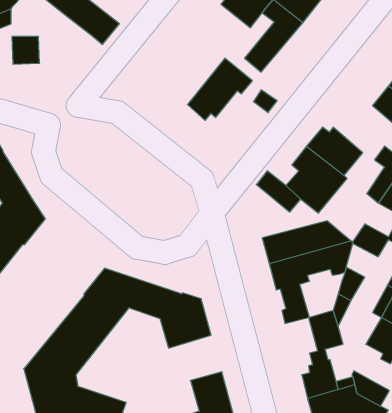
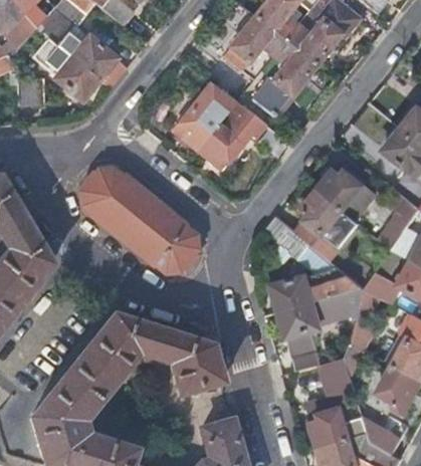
building: none -> [55,56,99,99]
building: none -> [173,81,235,148]
building: none -> [82,169,195,271]

